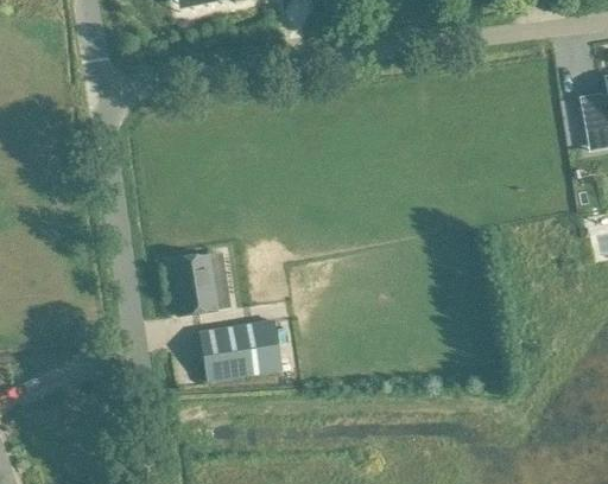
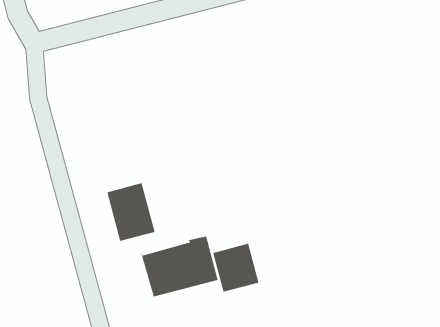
building: none -> [213,243,259,293]

